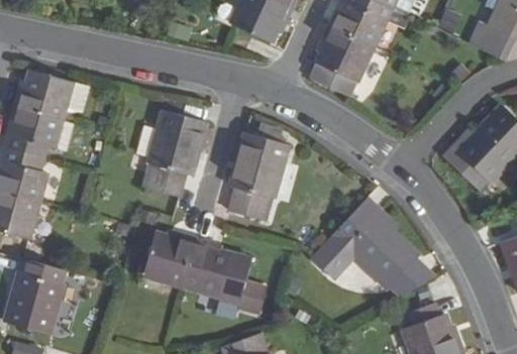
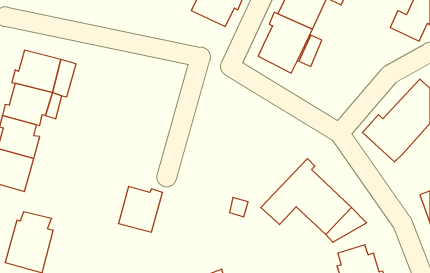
building: [145,111,204,199] -> none
building: [227,133,286,221] -> none
building: [181,239,265,313] -> none

